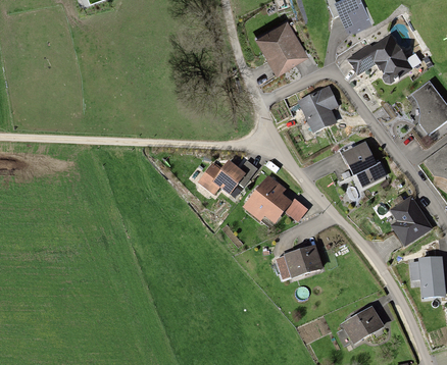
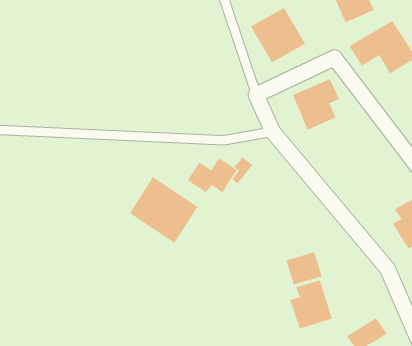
building: [341,145,391,189] -> none
building: none -> [129,176,198,244]
building: [247,178,293,228] -> none
building: none -> [290,280,333,329]

